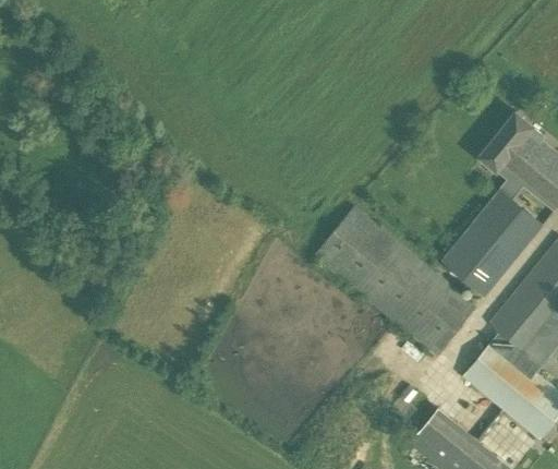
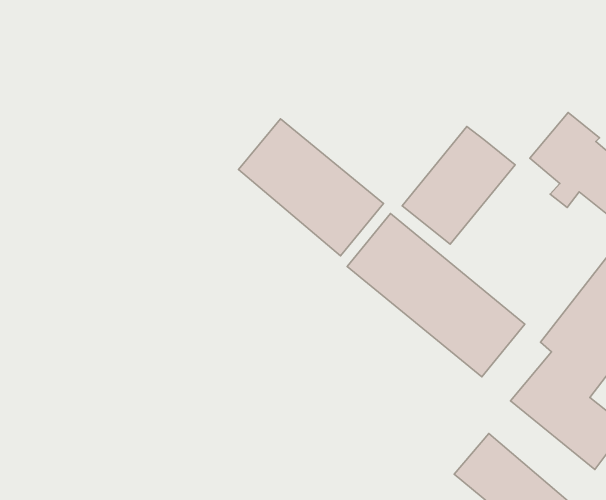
building: none -> [239,119,384,256]
building: [440,190,543,297] -> [402,126,515,244]

